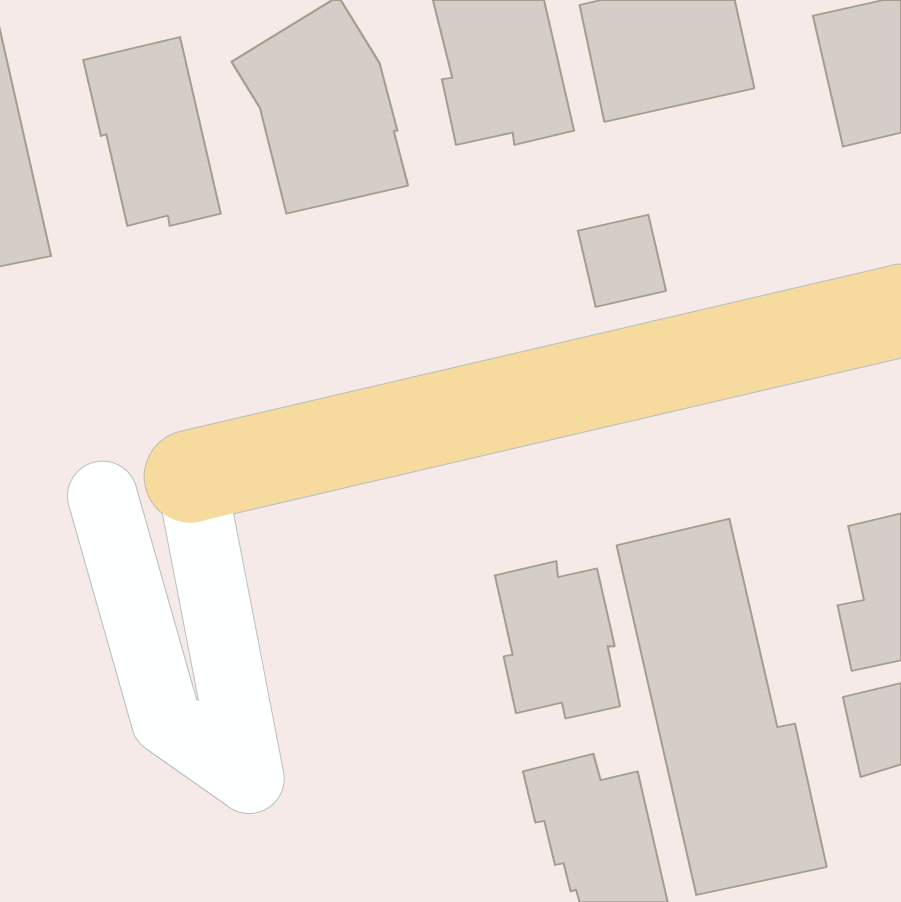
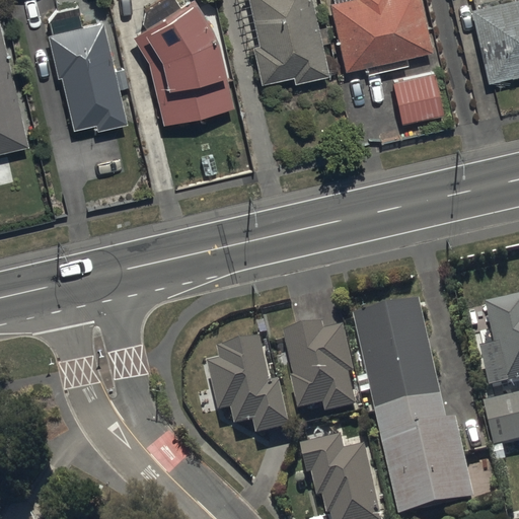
building: [578,215,666,307] -> [392,71,443,124]
building: none -> [208,337,291,433]

